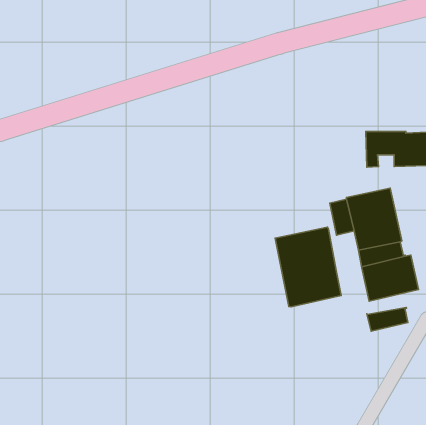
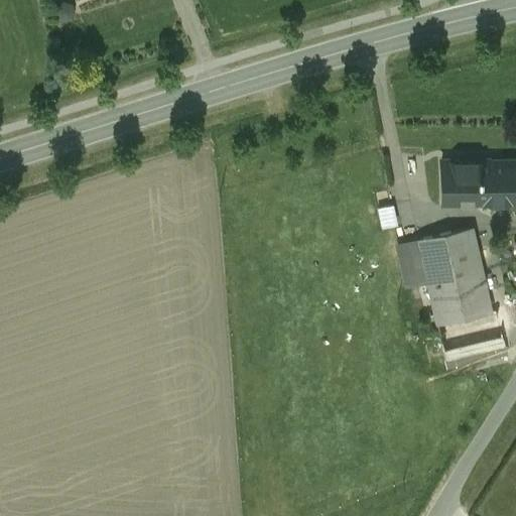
building: [275,227,341,307] -> none
building: [367,307,408,331] -> none

